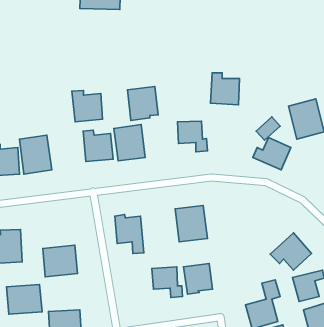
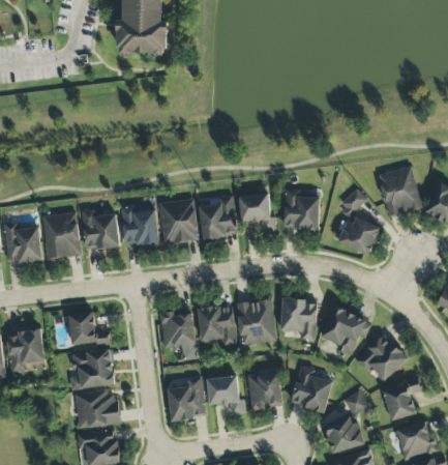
building: [210,73,239,105] -> [283,190,320,230]
building: [127,87,158,120] -> [199,197,237,239]
building: [72,90,103,122] -> [81,209,119,249]
building: none -> [280,297,317,340]
building: none -> [198,306,236,345]
building: none -> [321,307,371,355]
building: none -> [68,312,111,347]
building: none -> [291,366,332,412]
building: none -> [167,377,207,420]
building: [6,284,42,314] -> [76,390,120,428]

